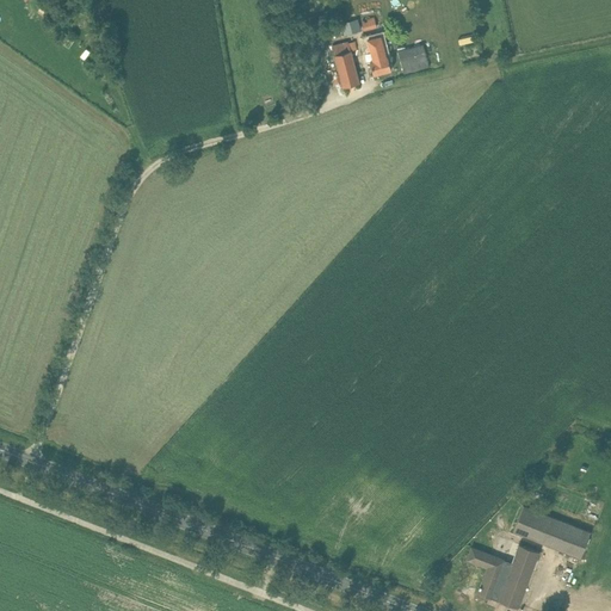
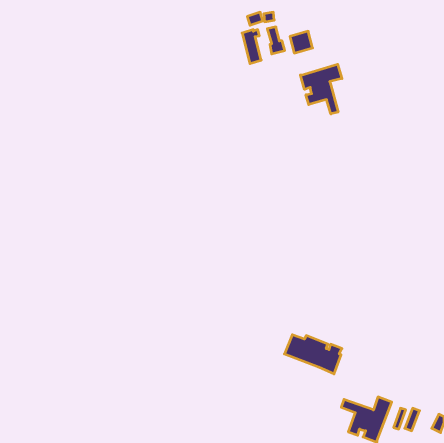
building: none -> [300,64,342,114]
building: [512,507,591,561] -> [284,335,342,374]

